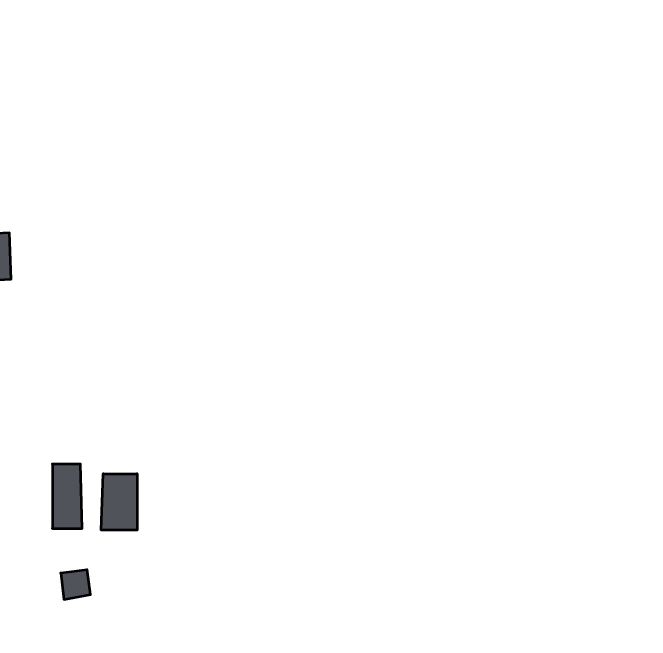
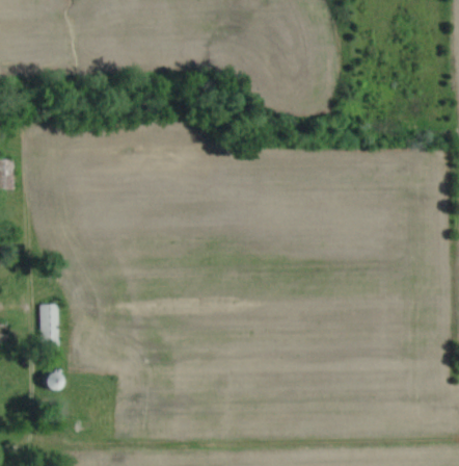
building: [101,474,137,530] -> none

